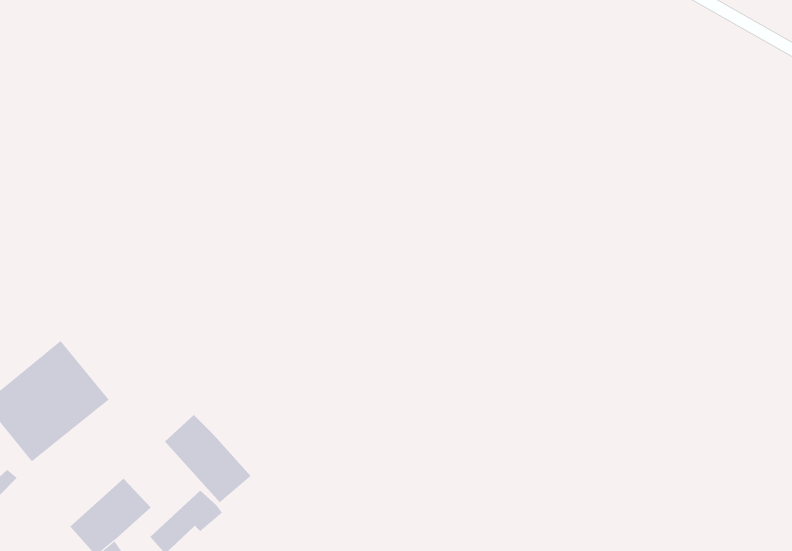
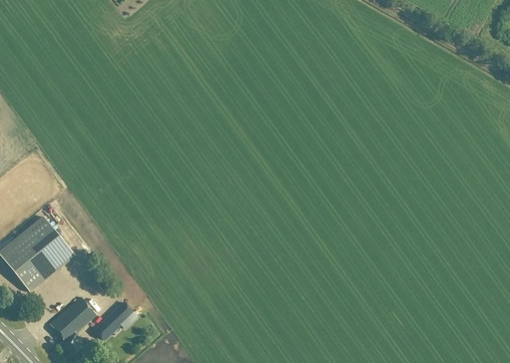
building: [164,414,251,503] -> none

